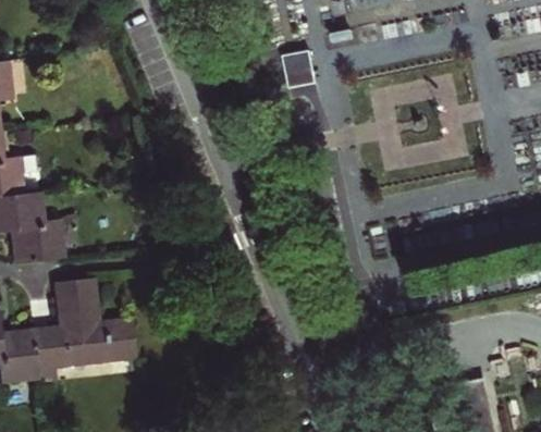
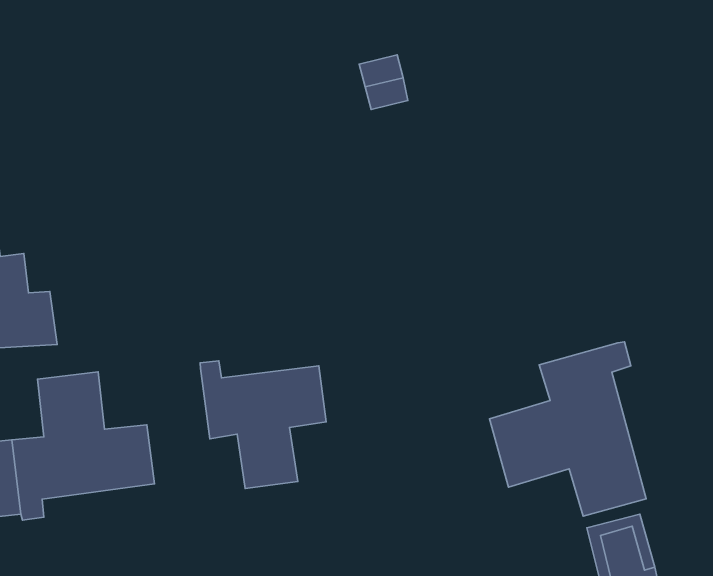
building: none -> [489,342,646,516]
building: none -> [200,361,326,488]

